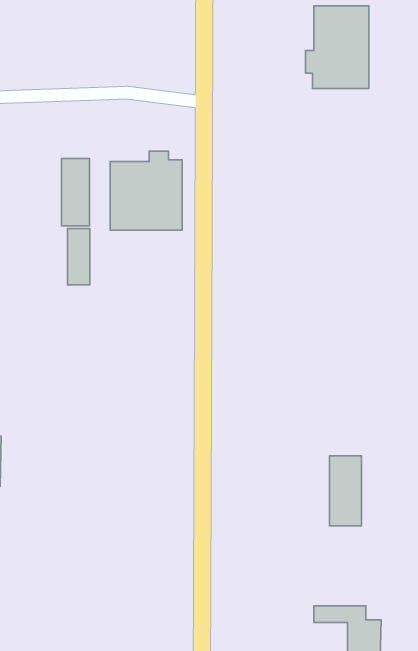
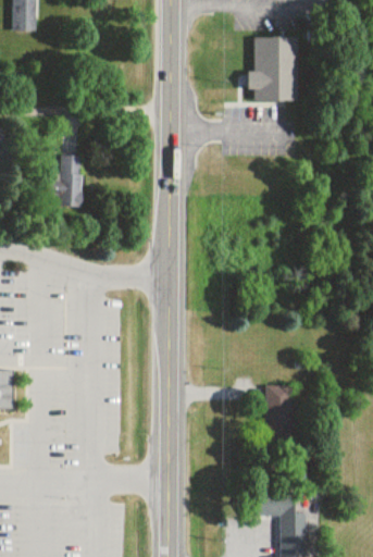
building: [110,151,182,230] -> none
building: [67,229,90,285] -> none

